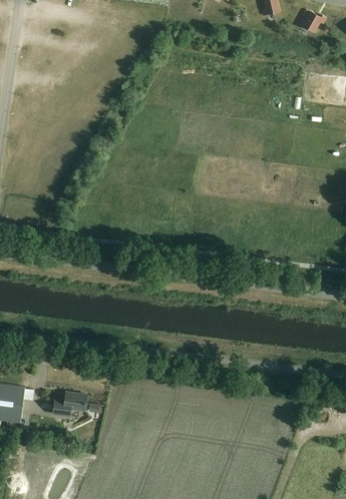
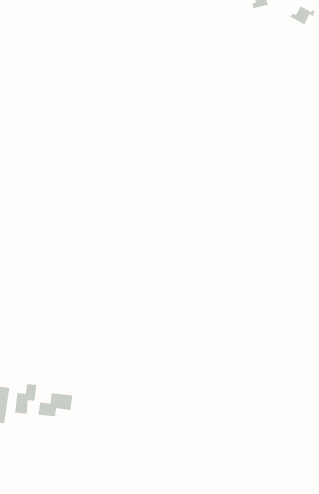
building: none -> [14,384,37,415]

